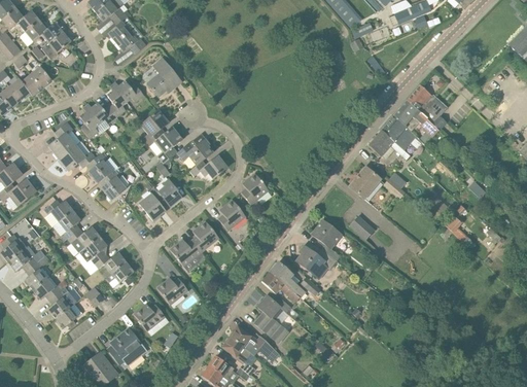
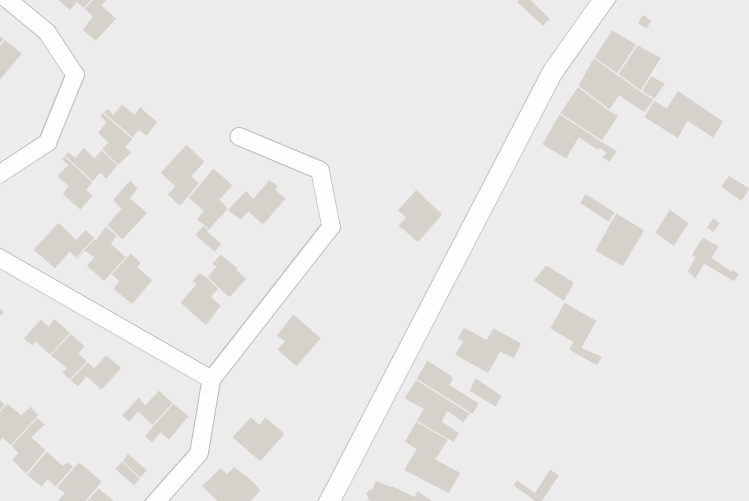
building: [115,30,146,55] -> none
building: [146,58,181,97] -> none
building: [49,122,75,157] -> [106,179,148,240]
building: none -> [643,90,724,139]
building: [189,155,226,179] -> none
building: [349,166,381,199] -> [594,212,645,267]
building: [241,173,269,205] -> [397,189,443,243]
building: [218,199,246,231] -> none
building: [312,219,341,260] -> [549,302,603,366]
building: [79,236,107,263] -> none
building: [170,239,202,267] -> none

